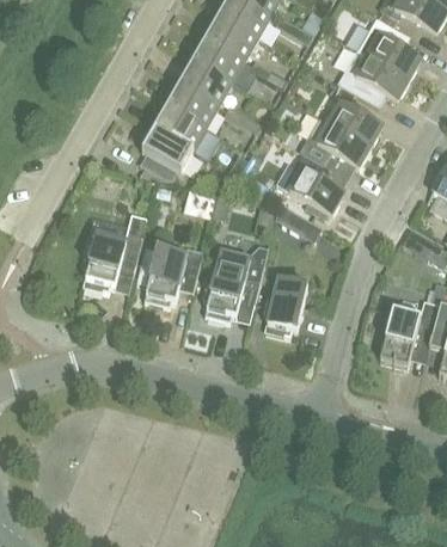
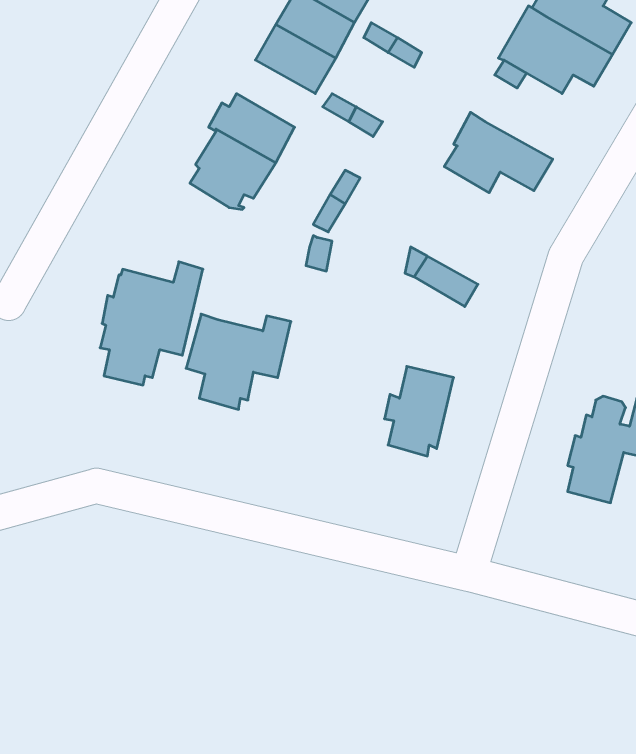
building: [169,84,219,127] -> none
building: [327,102,382,147] -> none
building: [276,152,344,216] -> none
building: [202,245,269,328] -> none

